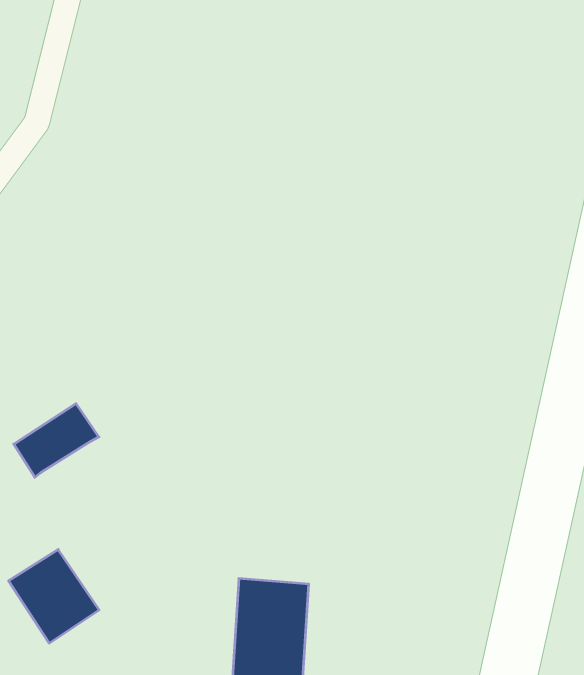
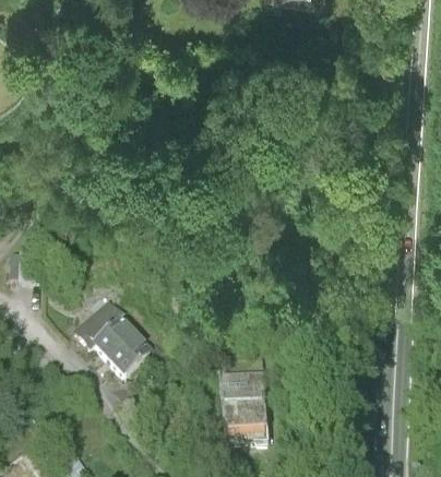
building: [9,549,99,643] -> [95,319,151,374]

